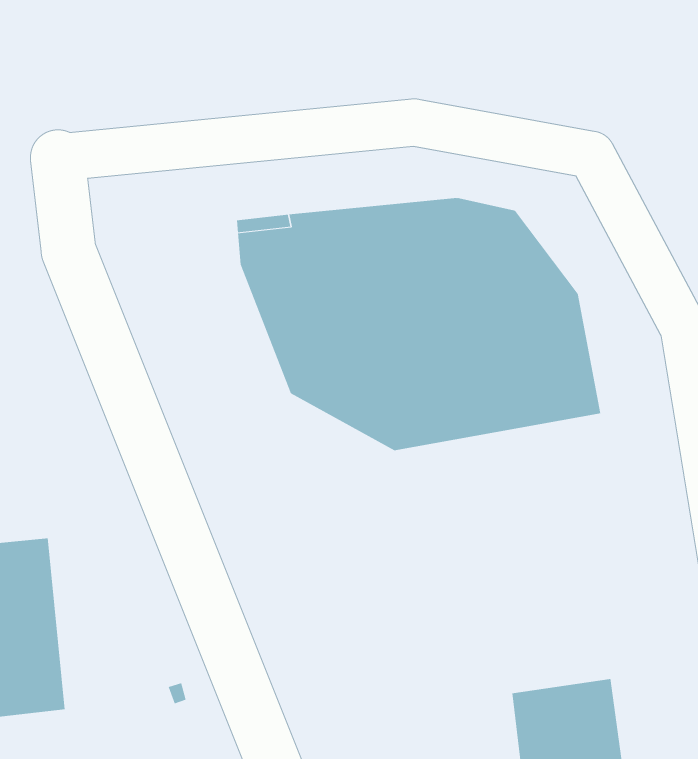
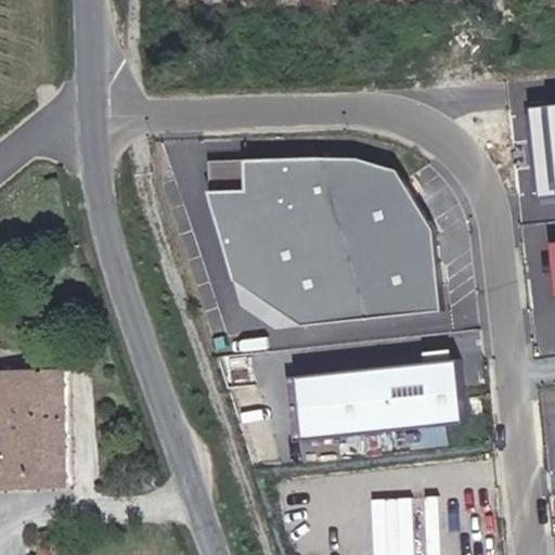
building: none -> [294,350,464,446]

